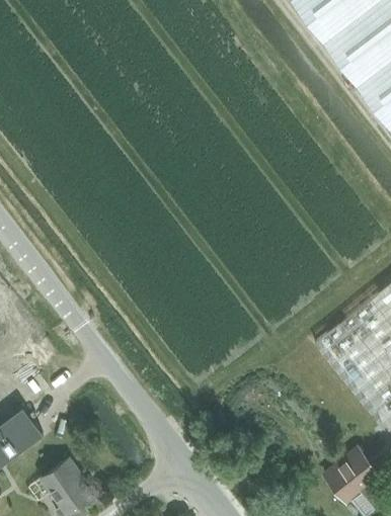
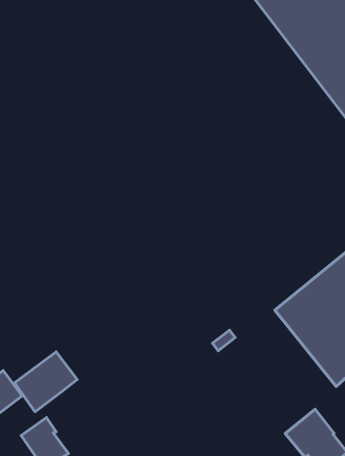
building: none -> [15,352,77,411]

